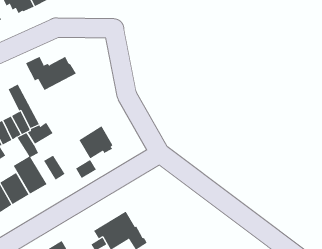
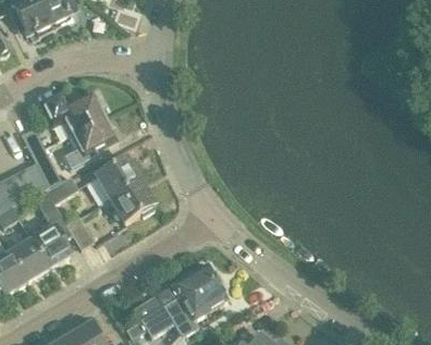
building: none -> [62,113,116,165]
building: none -> [96,157,139,197]
building: none -> [169,262,226,320]

